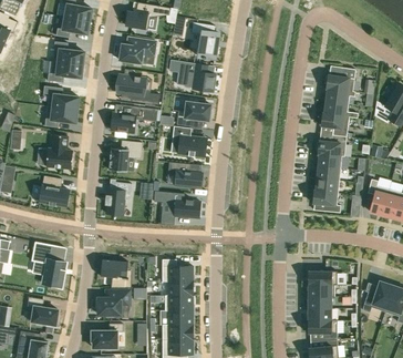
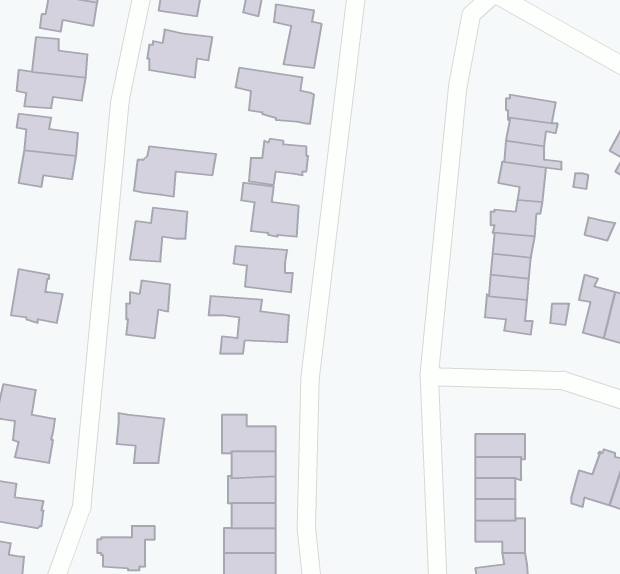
building: [116,76,159,105] -> none
building: [46,135,73,170] -> none
building: [96,290,130,318] -> none

